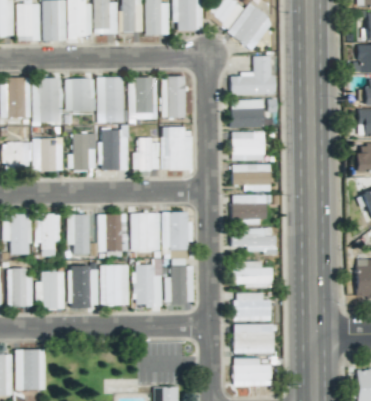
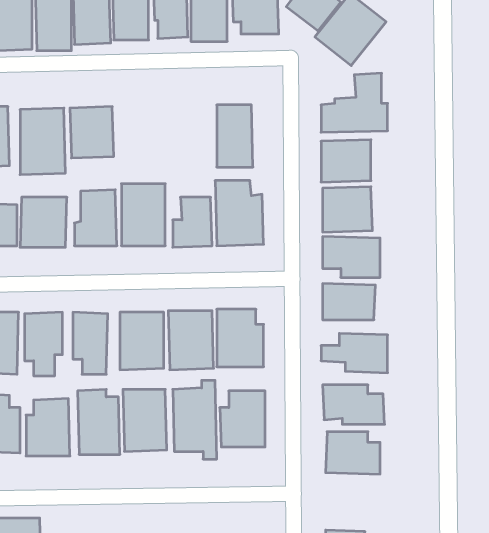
building: [97,77,123,122] -> none
building: [128,77,157,119] -> none
building: [234,324,274,354] -> none

